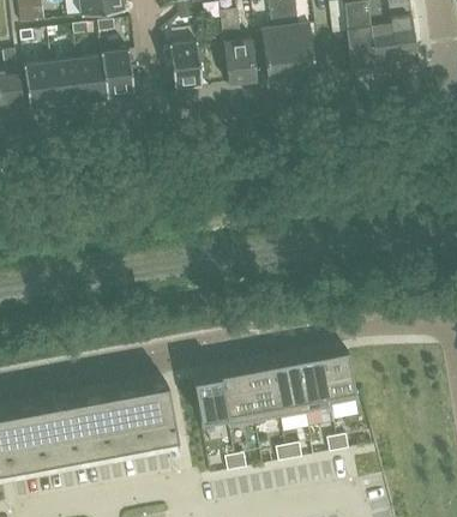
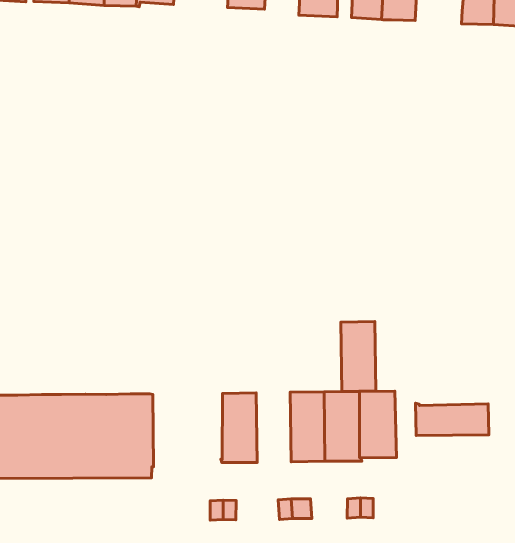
building: none -> [416,403,489,435]
building: [243,366,278,422] -> [341,321,376,392]
building: [191,375,227,429] -> none

